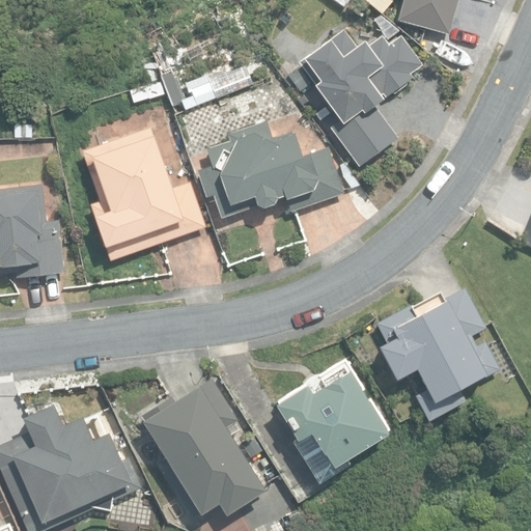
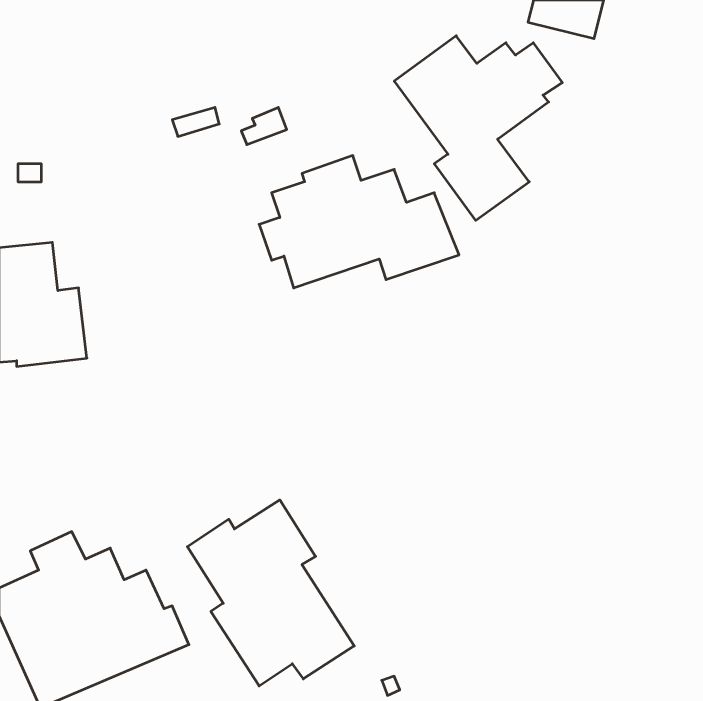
building: [83,128,207,261] -> none
building: [376,286,501,421] -> none
building: [275,361,389,483] -> none

